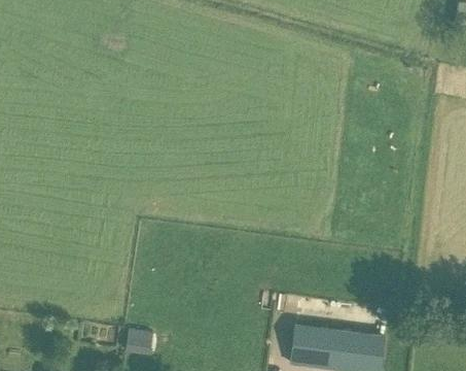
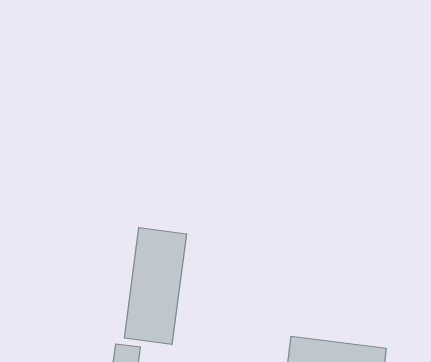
building: none -> [124,227,186,345]

